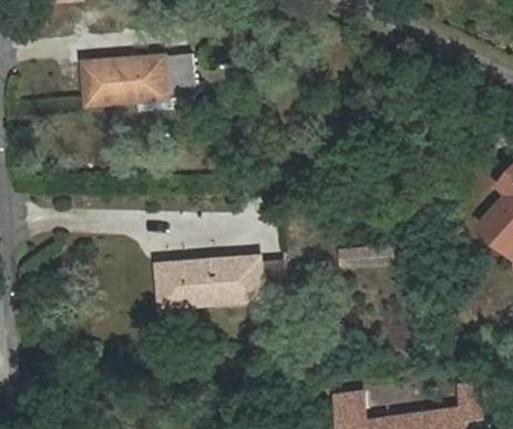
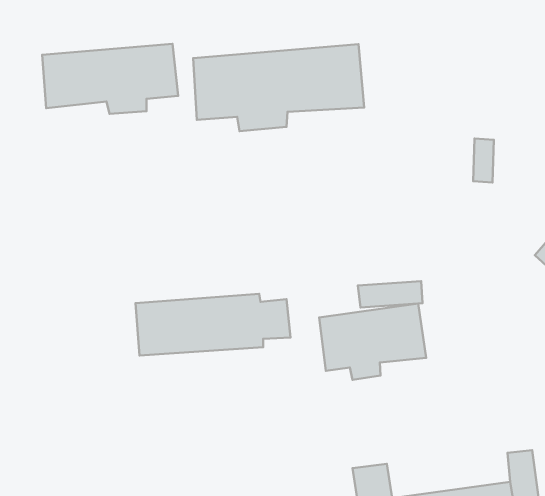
building: none -> [193,44,364,131]
building: none -> [319,304,426,380]

